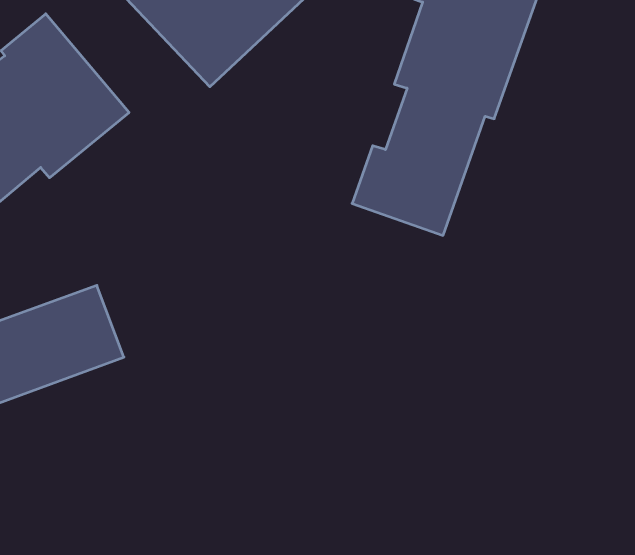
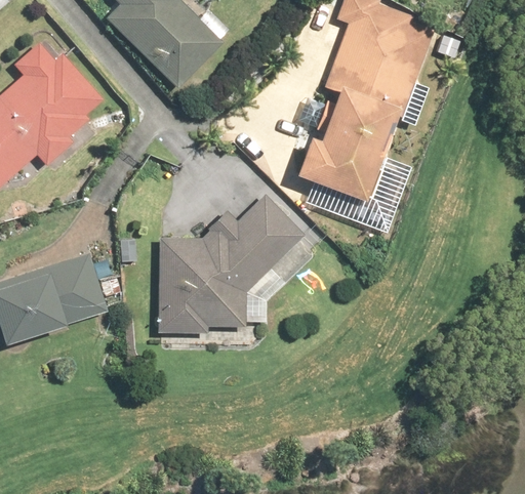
building: none -> [153,189,316,334]

